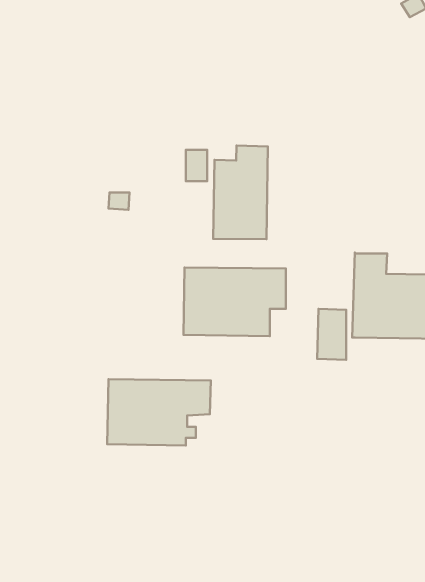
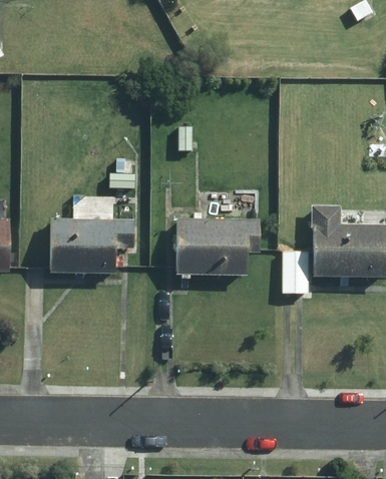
building: [213,146,268,239] -> none
building: [107,379,211,445] -> [50,218,133,272]

